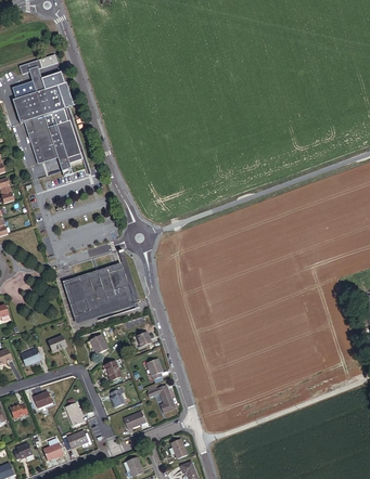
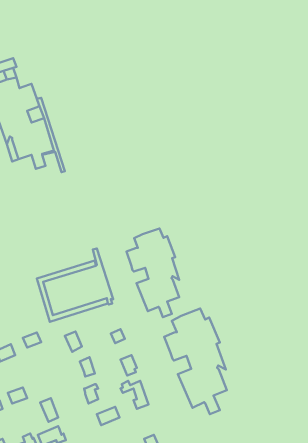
building: none -> [127,228,179,317]
building: none -> [164,308,227,414]

